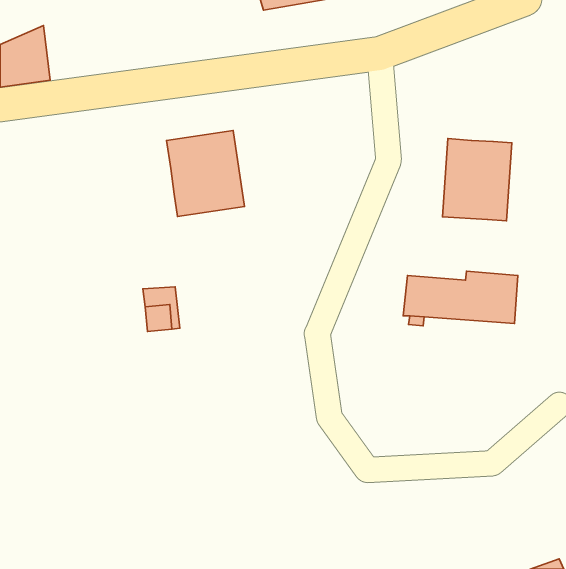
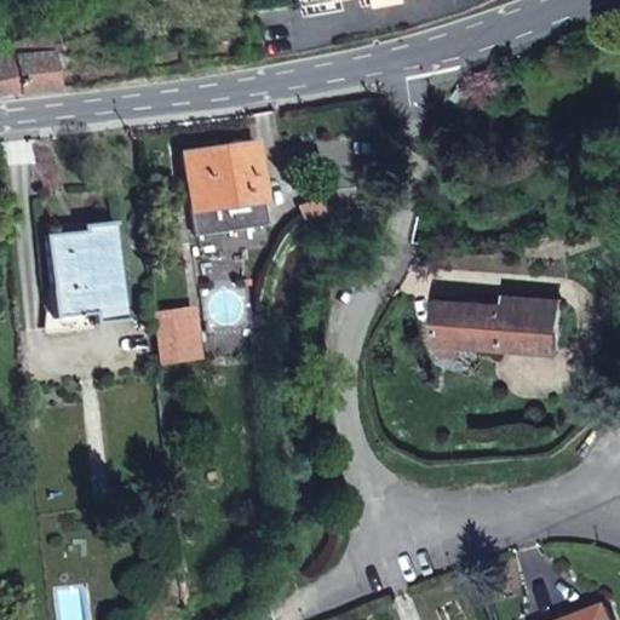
building: [442,139,512,221] -> none
building: none -> [46,220,125,327]

